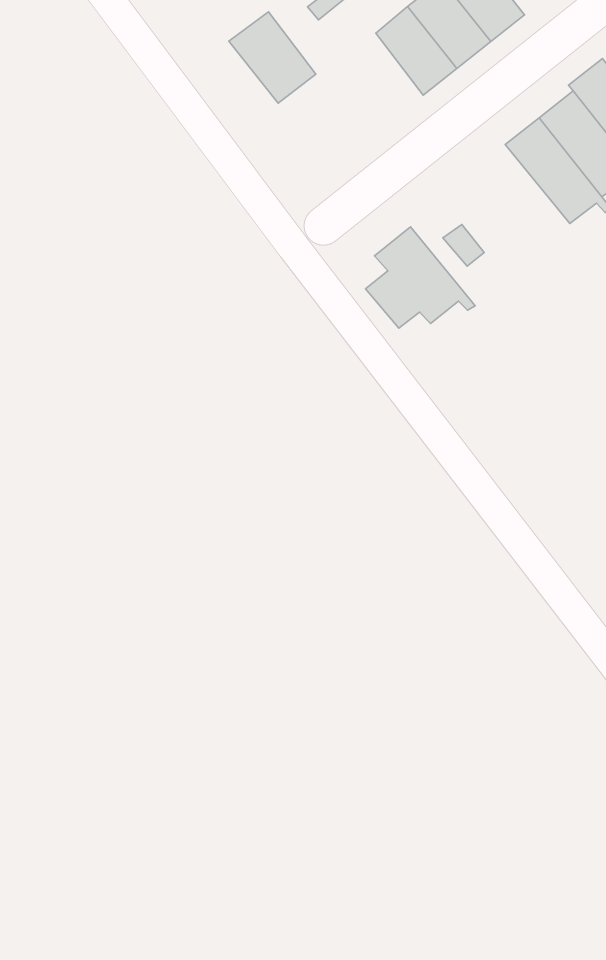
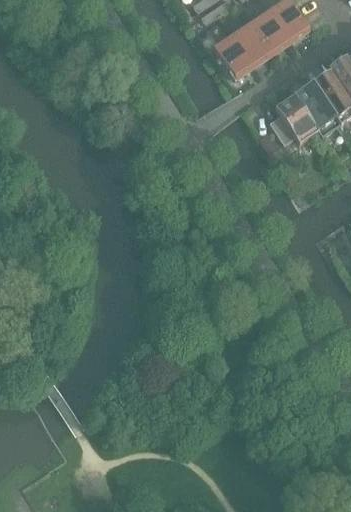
building: [229,12,316,103] -> [211,32,253,78]
building: [365,227,475,328] -> [267,93,321,143]

